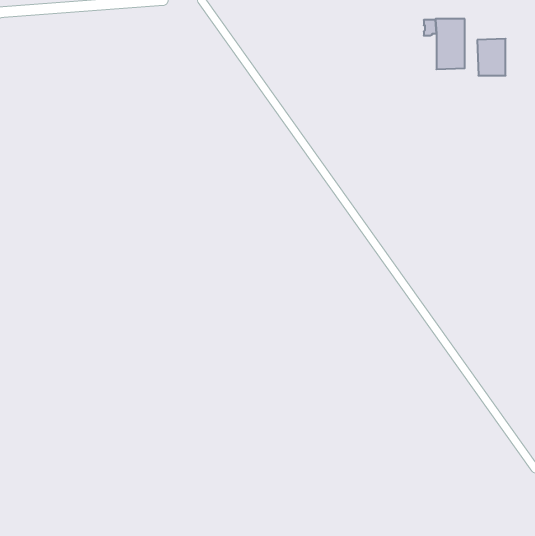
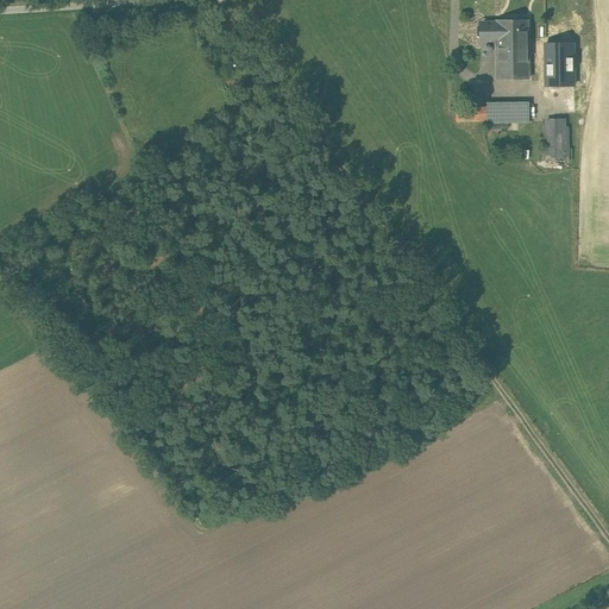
building: none -> [489,100,529,121]
building: none -> [546,118,569,161]

